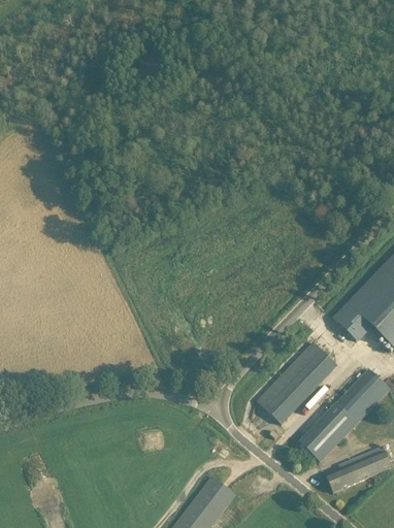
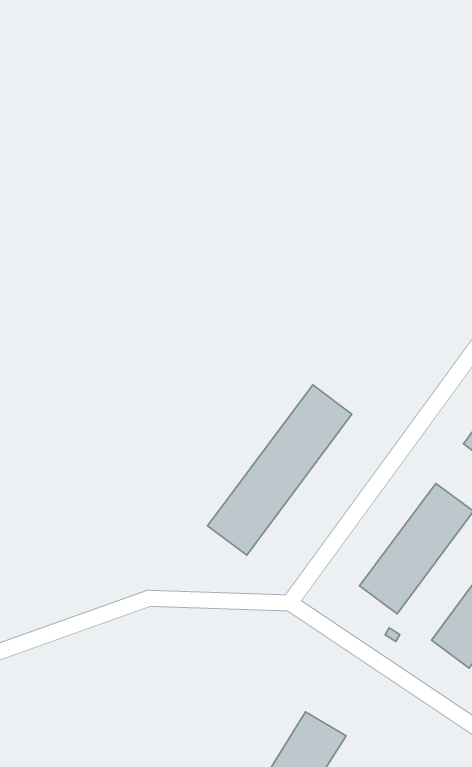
building: none -> [208,385,352,555]

